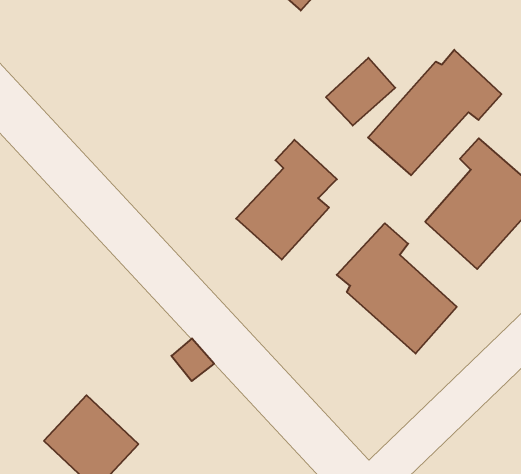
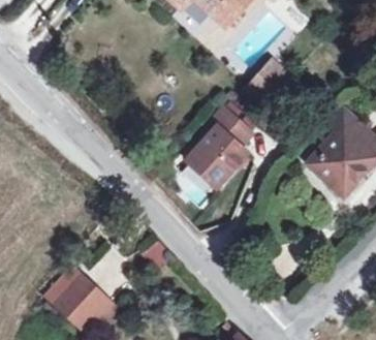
building: [368,50,501,175] -> none
building: [337,223,457,354] -> none

